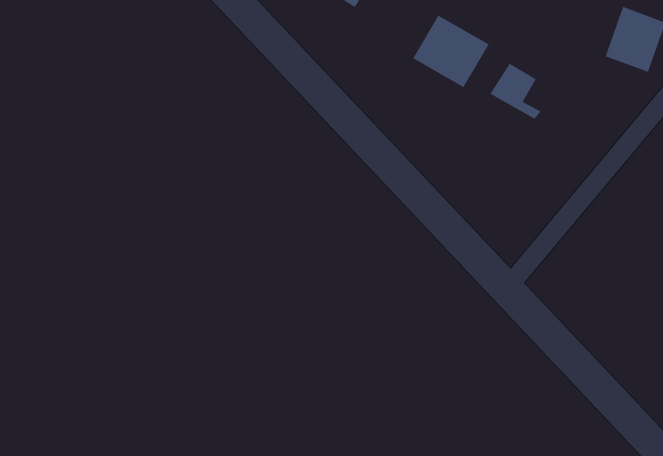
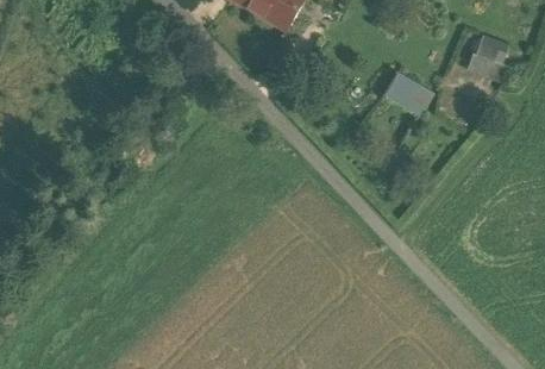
building: [412,15,489,88] -> none

